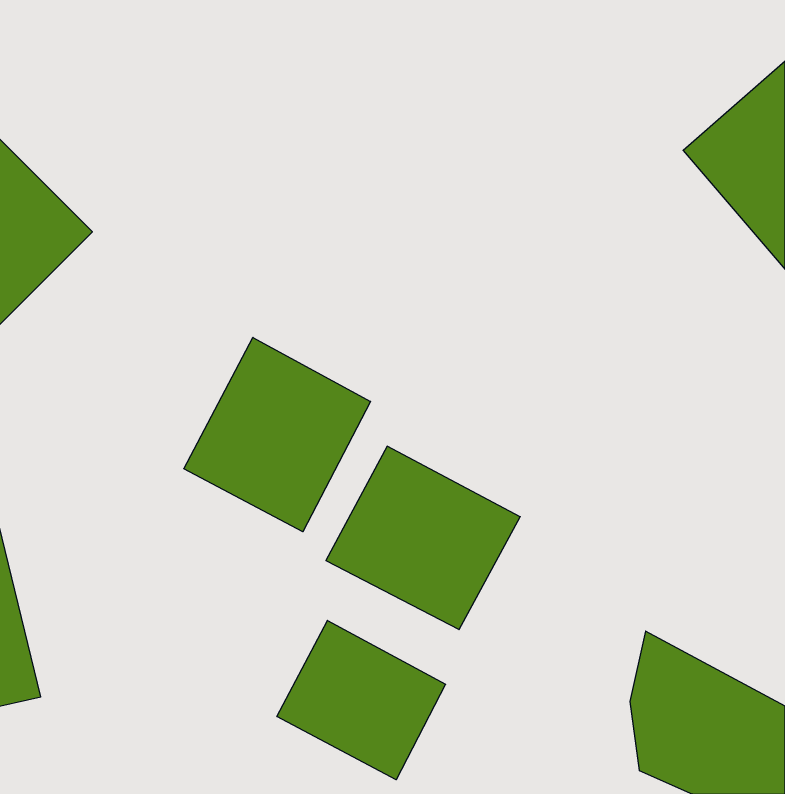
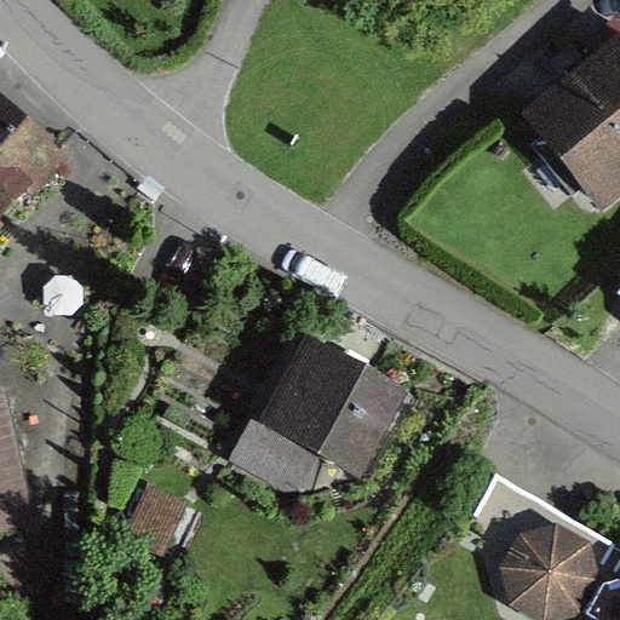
building: [184,337,371,532] -> none
building: [277,620,446,780] -> none

